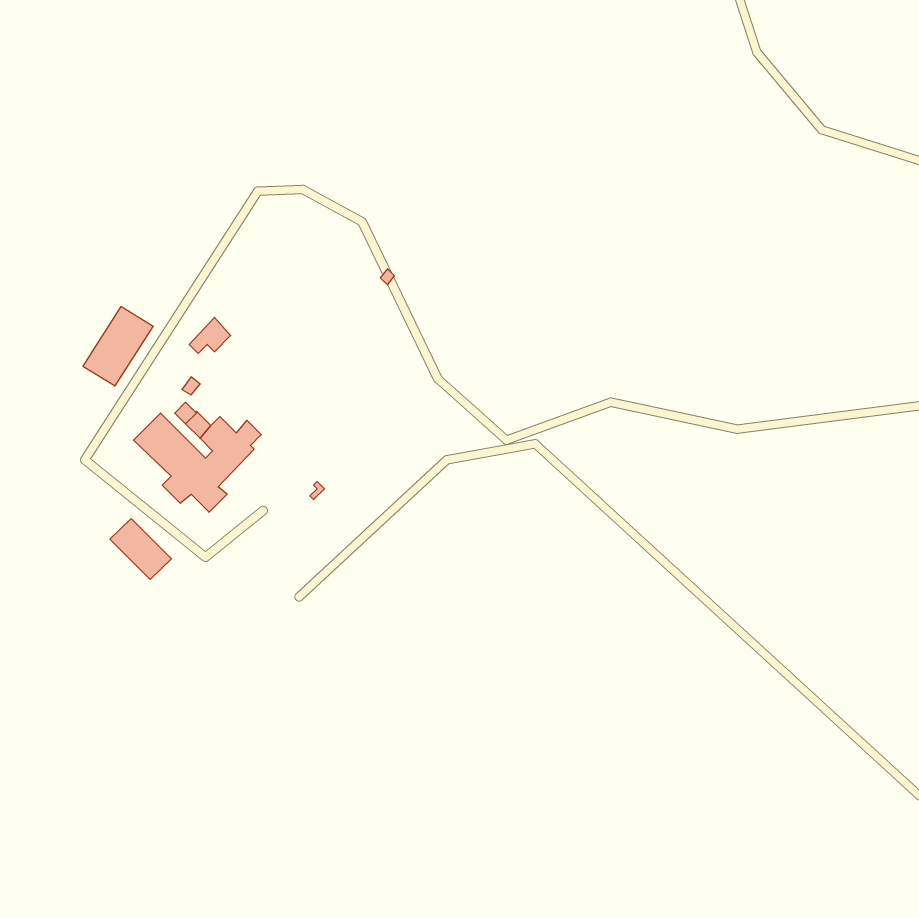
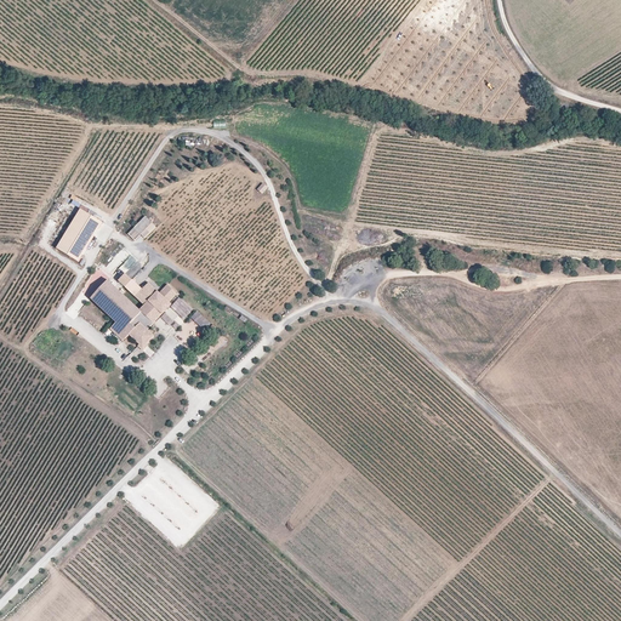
building: [110,519,171,579] -> none

